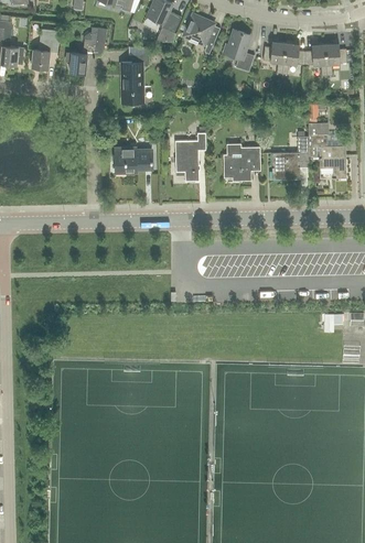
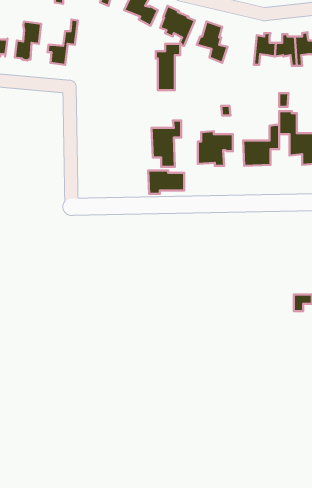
building: [262,39,285,74] -> none
building: [121,54,147,102] -> [156,44,180,90]
building: [114,148,151,172] -> [148,171,184,194]

